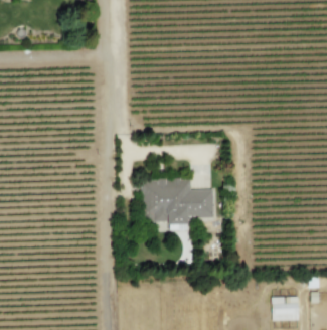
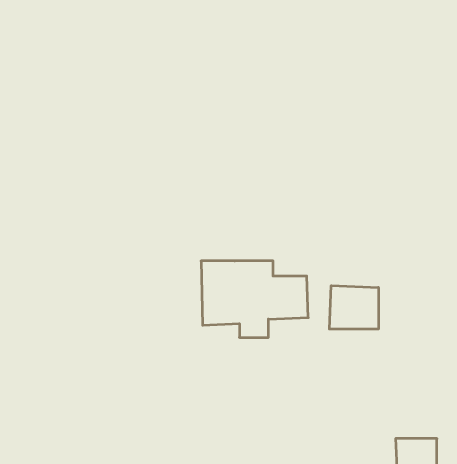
building: none -> [329,286,378,329]

